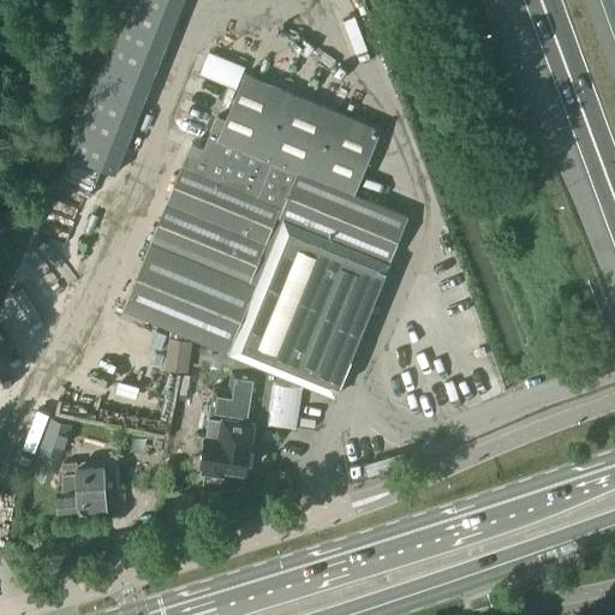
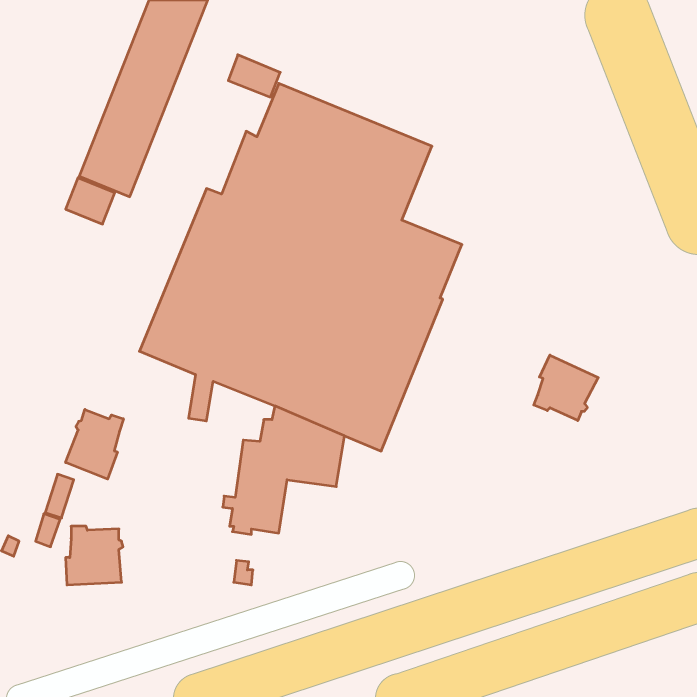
building: none -> [534,355,598,421]
building: none -> [66,409,123,479]

